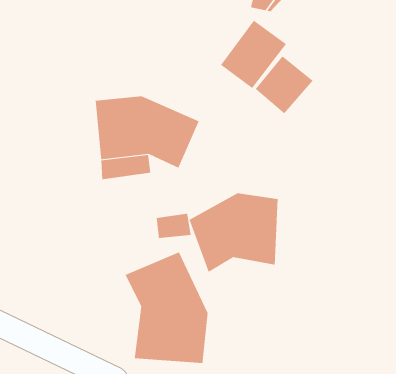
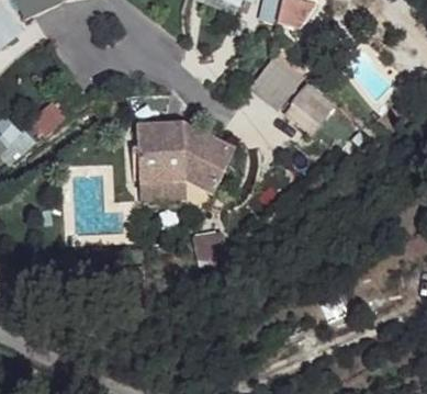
building: [189,192,278,273] -> none
building: [125,251,208,364] -> none

